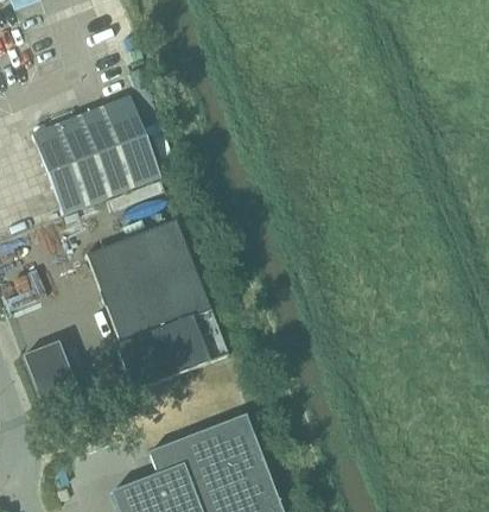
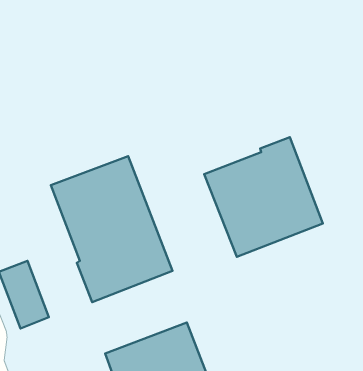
building: [32,96,160,215] -> none
building: none -> [204,137,323,257]

